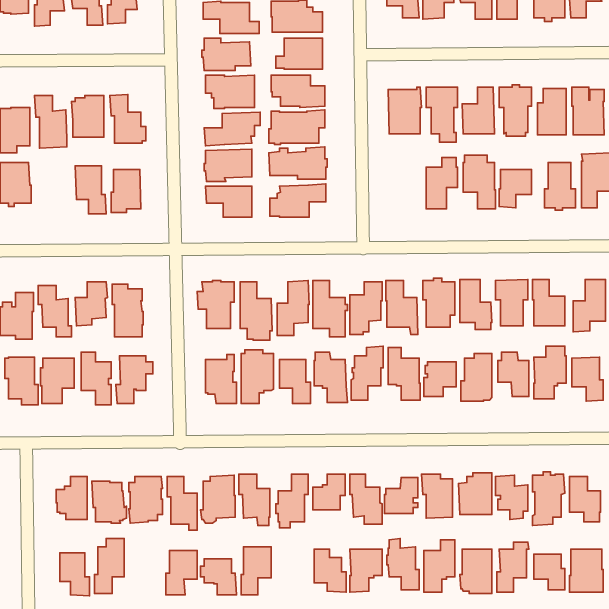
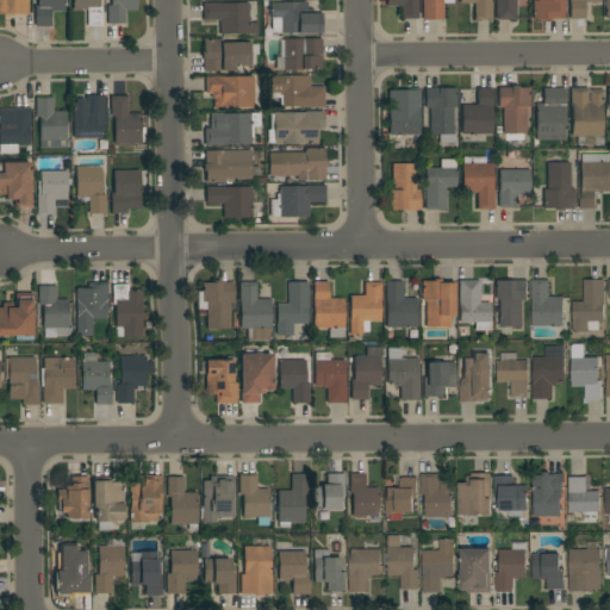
building: none -> [385,163,422,210]
building: none -> [37,170,68,213]
building: none -> [131,550,162,595]
building: none -> [279,550,309,593]

